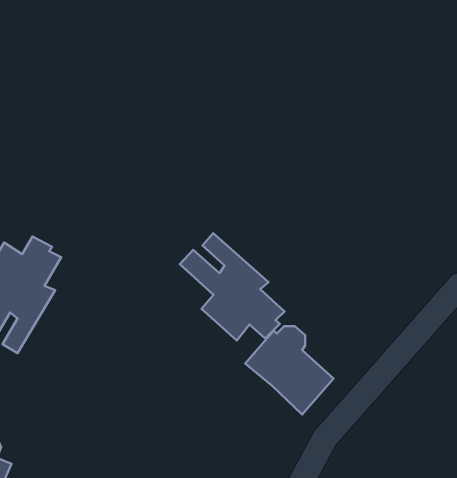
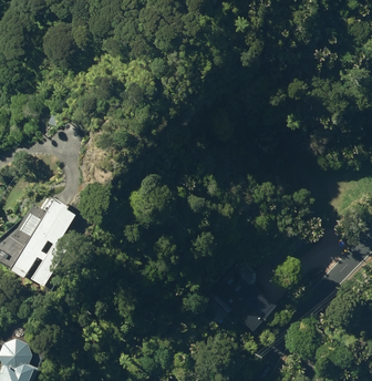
building: [180,233,285,341] -> none

